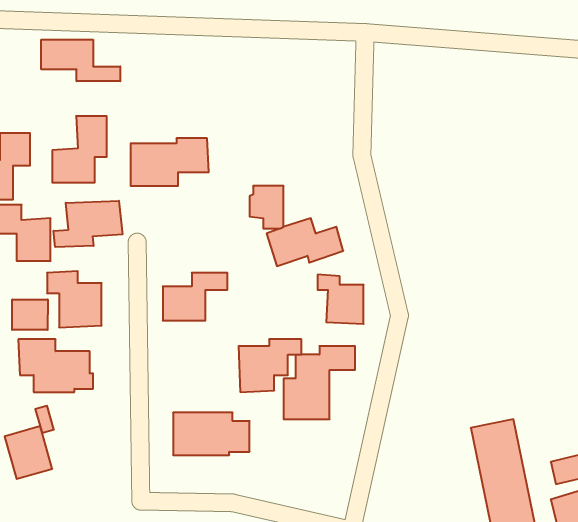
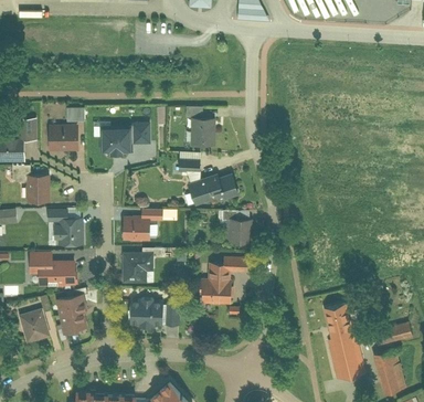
building: [41,40,120,81] -> none
building: none -> [186,107,215,147]
building: [54,201,122,247] -> none
building: [12,299,48,330] -> none
building: [239,339,301,392] -> [121,248,162,283]
building: none -> [54,292,86,335]

